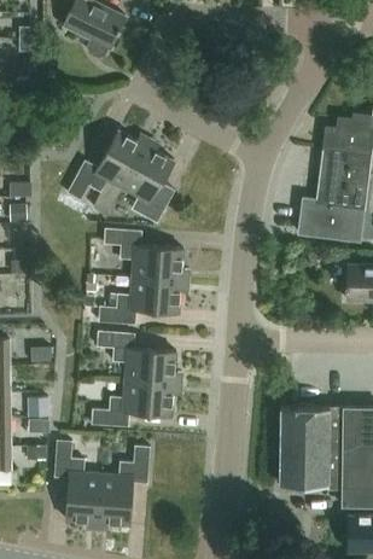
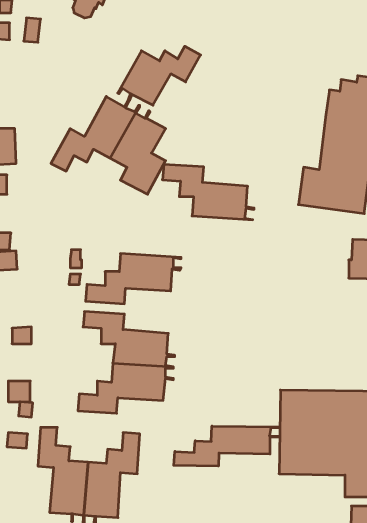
building: none -> [118,46,201,105]
building: [104,229,190,281] -> [162,164,254,220]
building: none -> [174,426,280,466]

